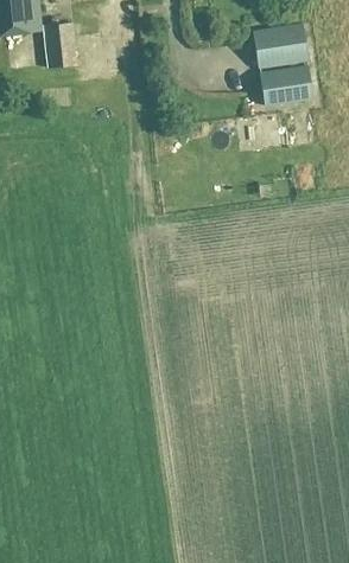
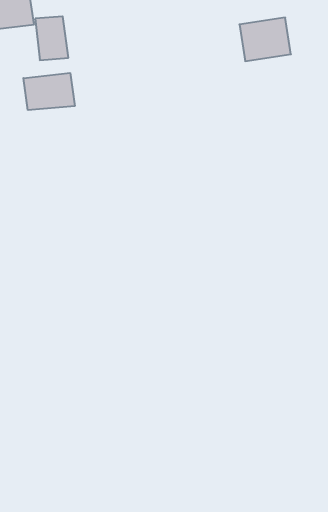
building: [261,64,313,104] -> none
building: none -> [23,73,75,110]

